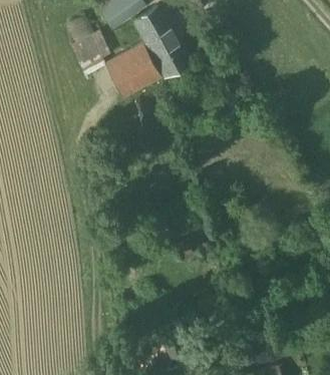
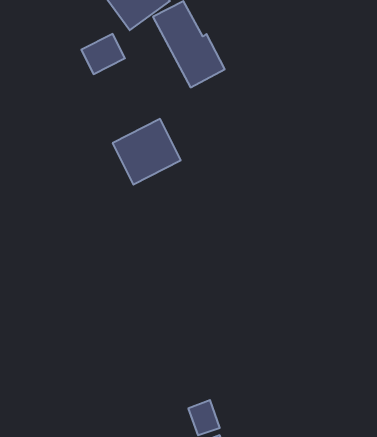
building: [105,42,161,96] -> [113,119,181,185]

